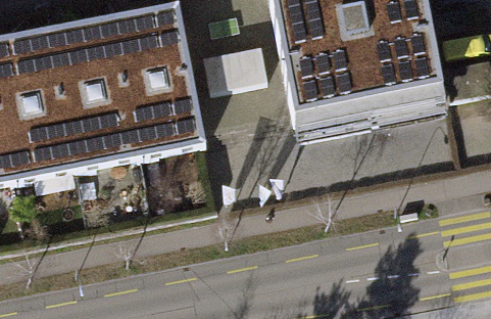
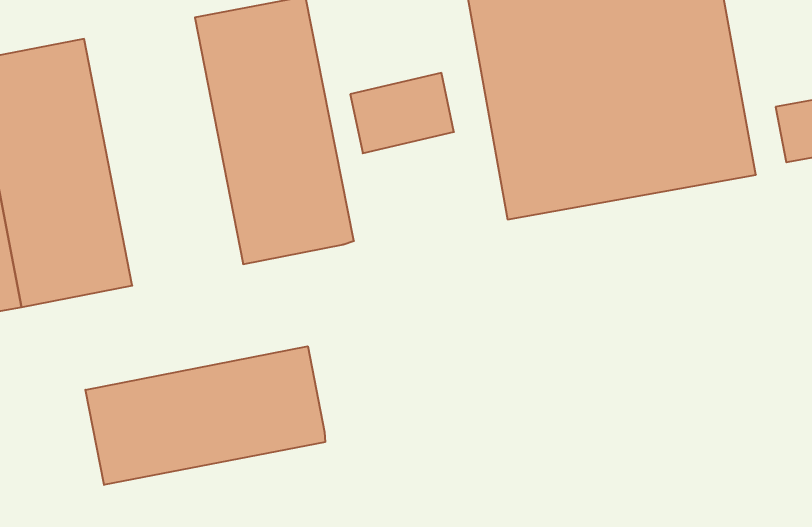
building: [53,13,144,167] -> none
building: none -> [85,346,325,485]

